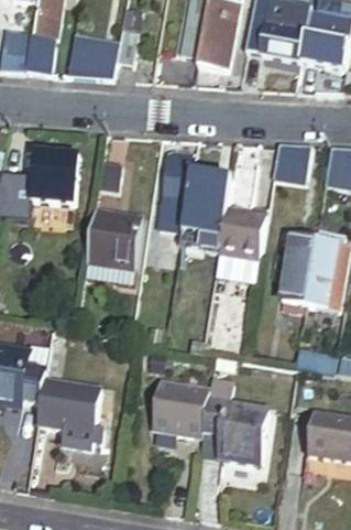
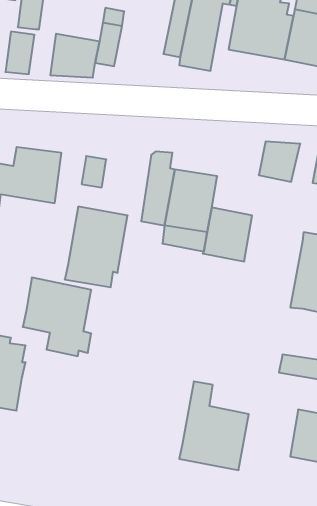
building: [281,236,317,305] -> none
building: [216,252,260,282] -> none
building: [33,374,100,451] -> [23,278,91,356]
building: [149,381,208,439] -> none

